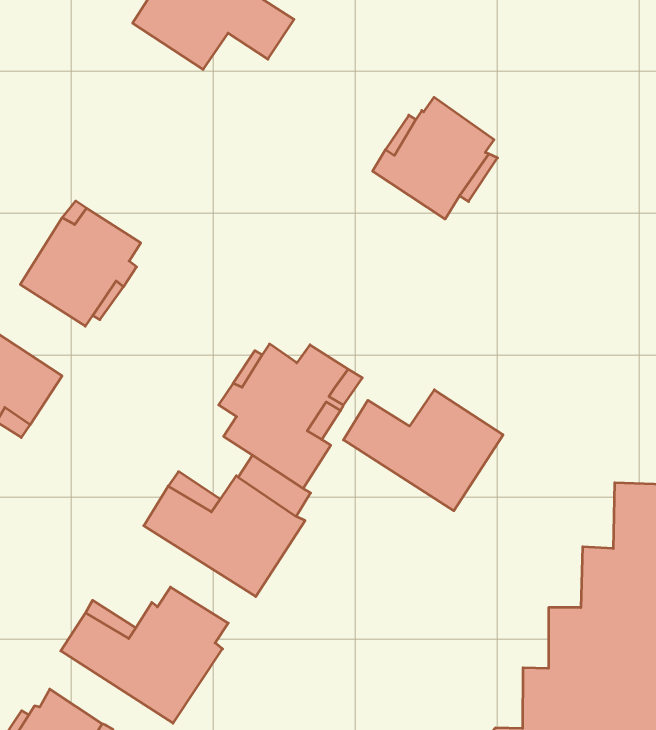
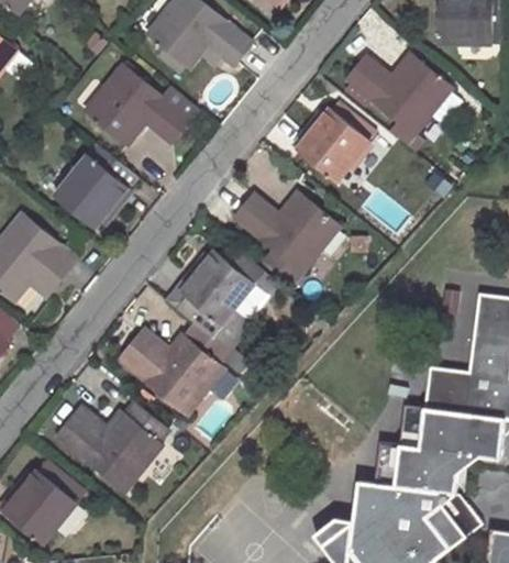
building: none -> [345,55,451,135]
building: none -> [82,64,198,145]
building: [343,390,503,511] -> [234,194,339,274]

